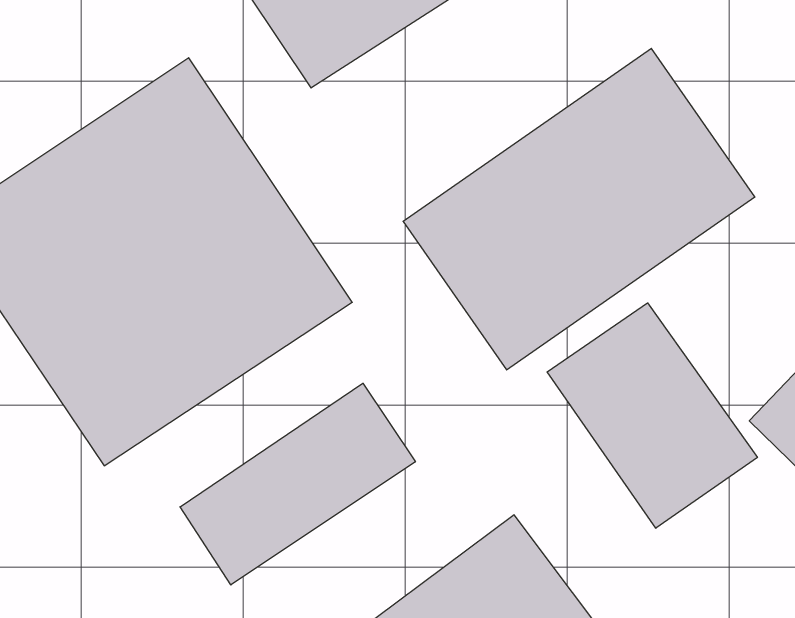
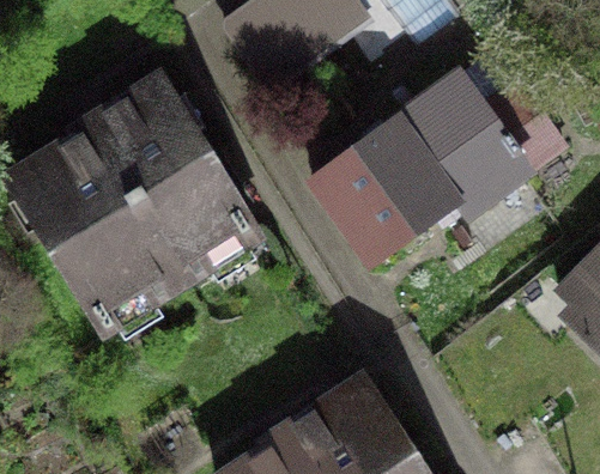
building: [547,303,757,528] -> none
building: [180,383,415,585] -> none

